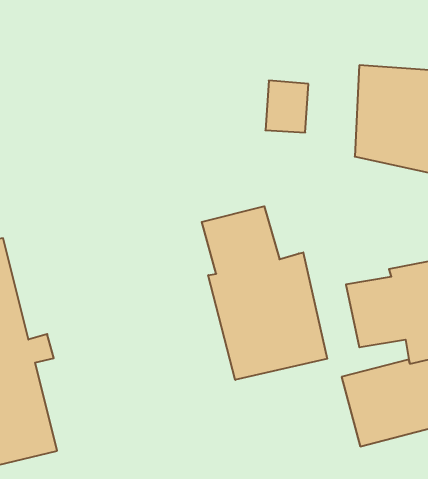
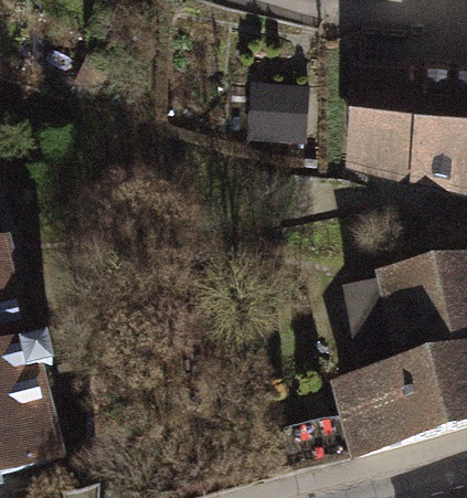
building: [202,206,327,380] -> none

